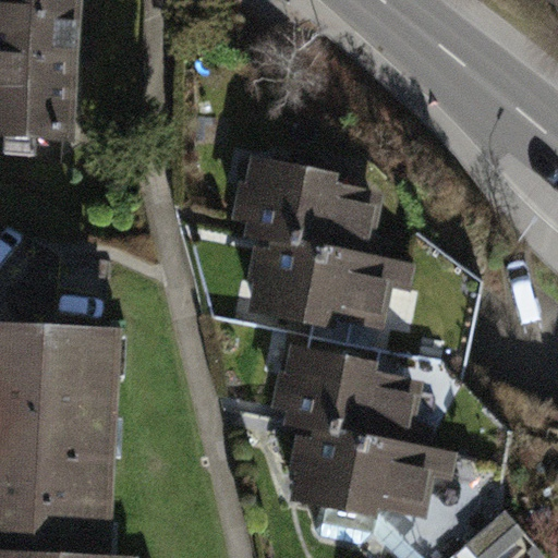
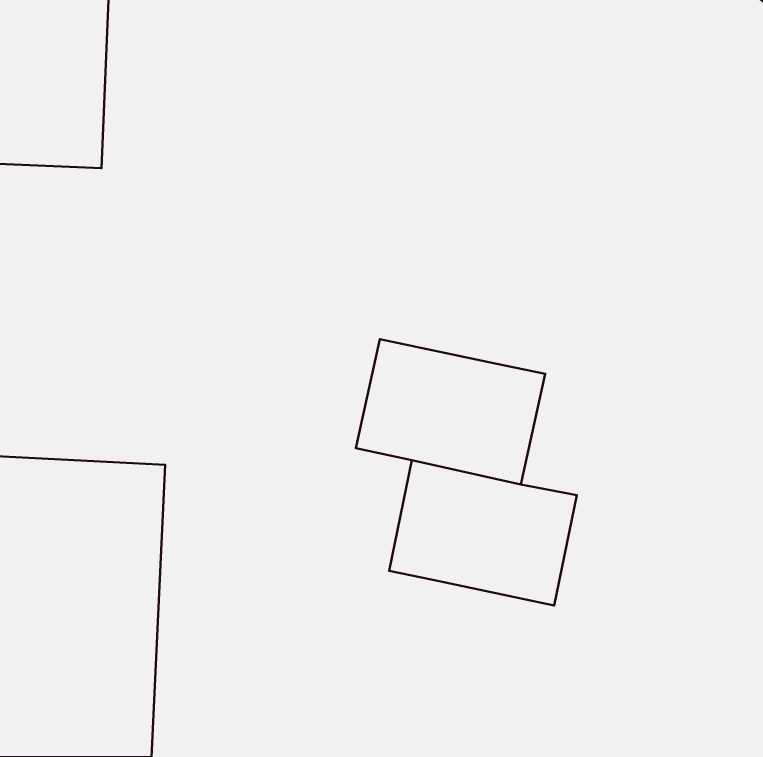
building: [238,156,373,262] -> none
building: [295,417,430,522] -> none

